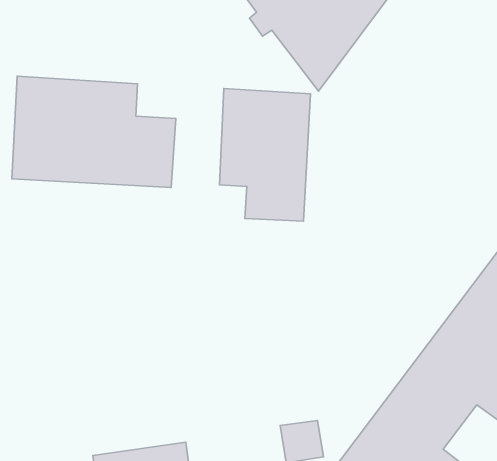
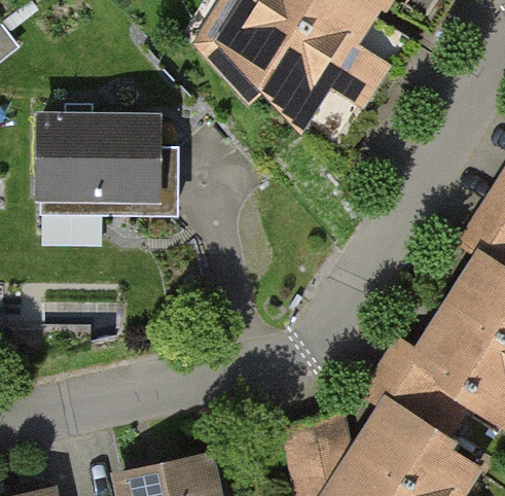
building: [219,89,310,221] -> none

